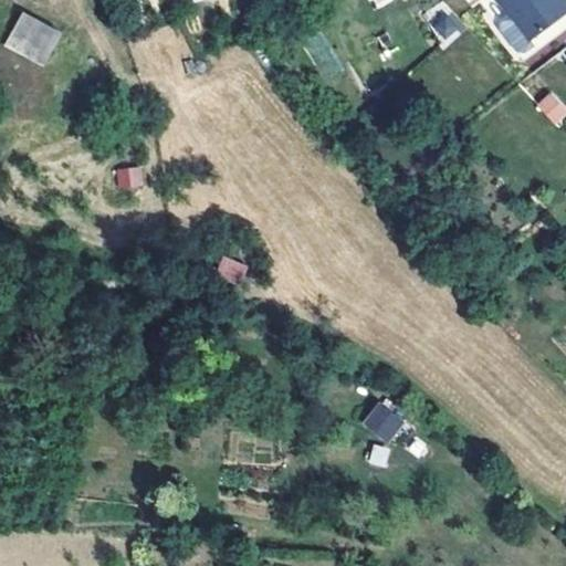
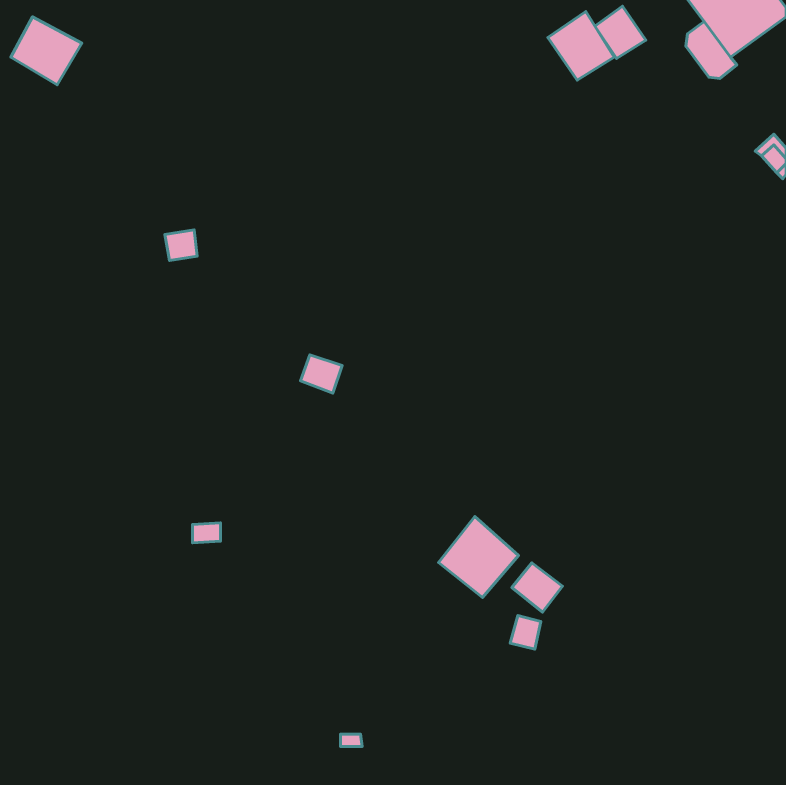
building: none -> [548,12,614,80]
building: none -> [438,517,519,597]

